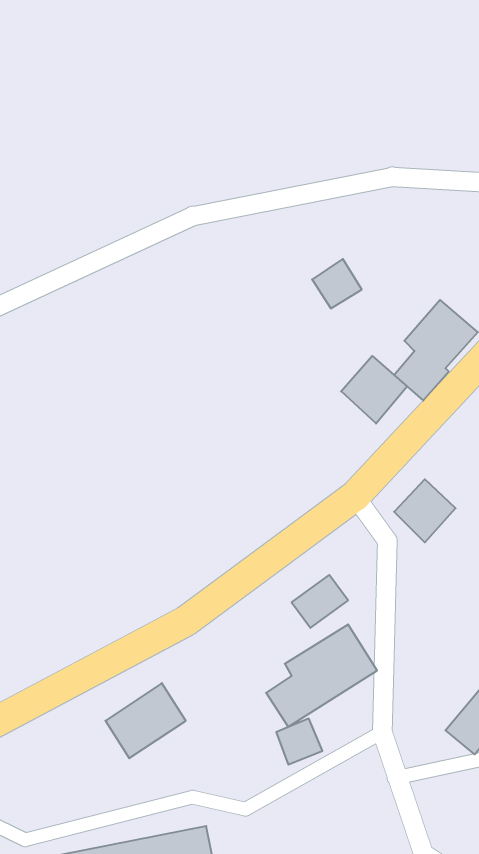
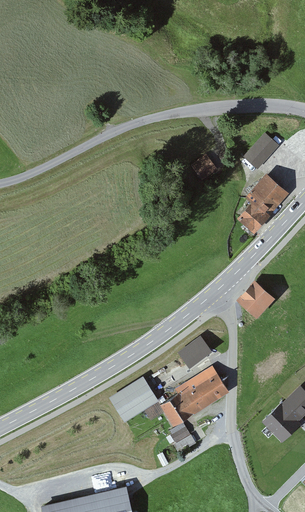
building: none -> [243,134,276,168]
building: [341,356,407,424] -> none
building: [105,683,186,758] -> [108,379,155,423]

